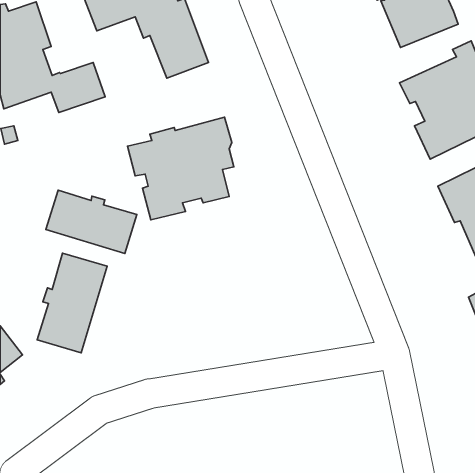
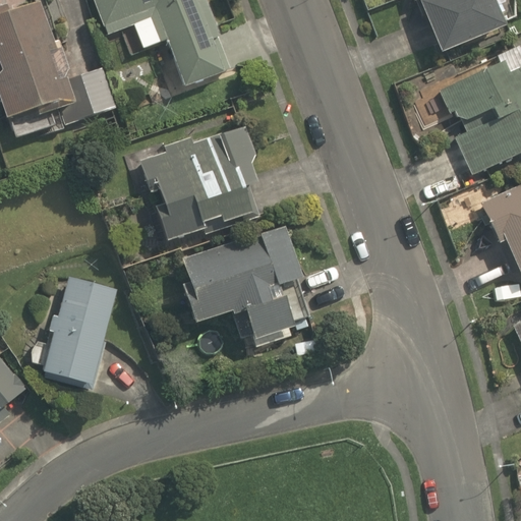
building: [46,190,137,253] -> none
building: none -> [181,226,302,340]

